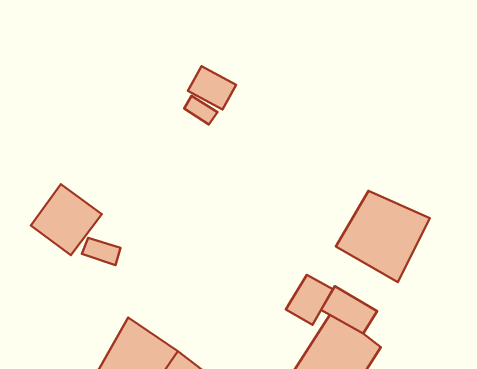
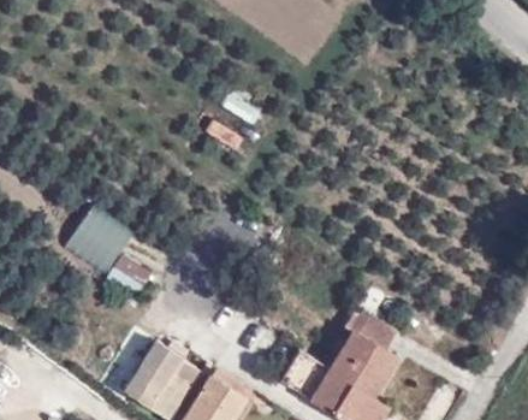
building: [336,191,430,282] -> none
building: [286,275,333,325] -> none

